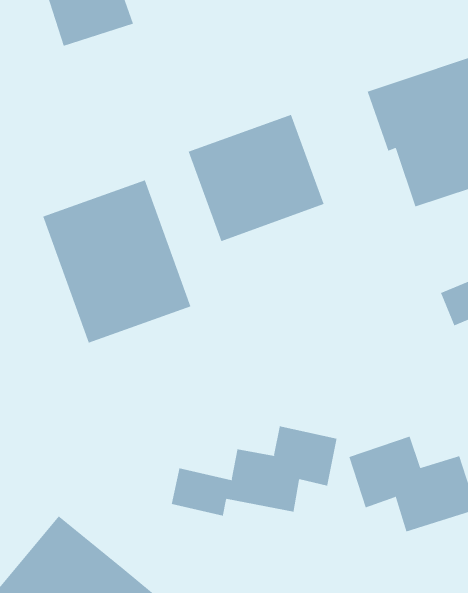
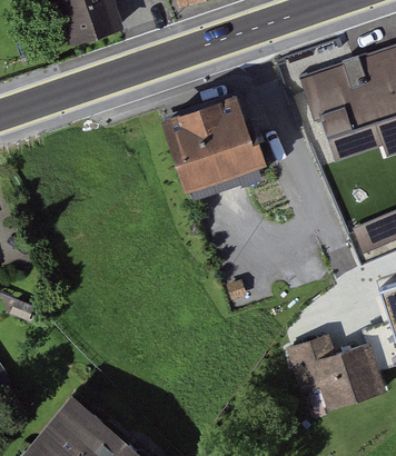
building: [42,179,191,344] -> none
building: [171,426,337,517] -> none

